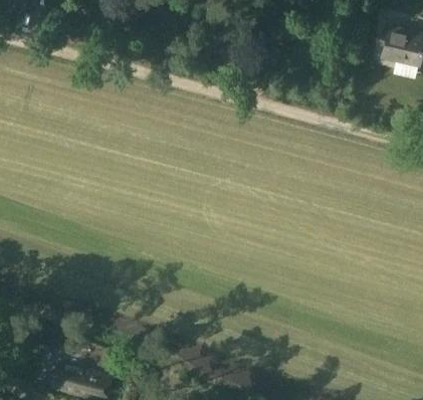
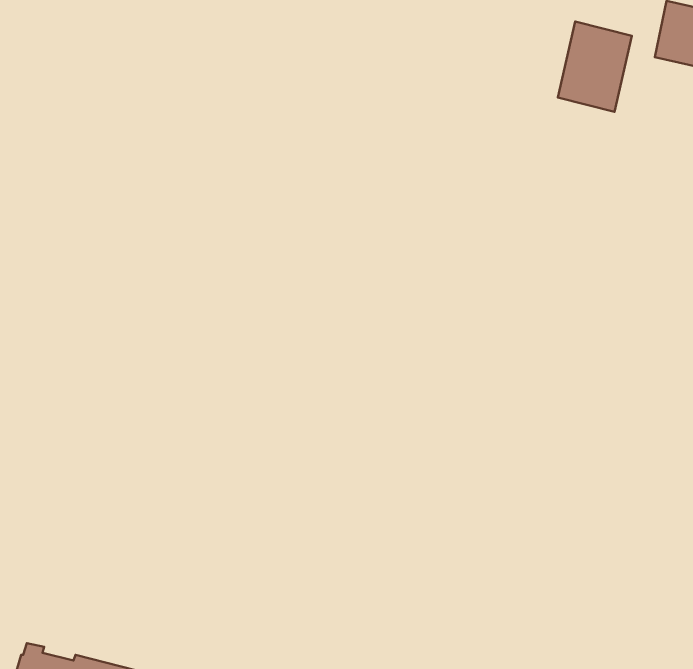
building: none -> [558,21,632,112]

